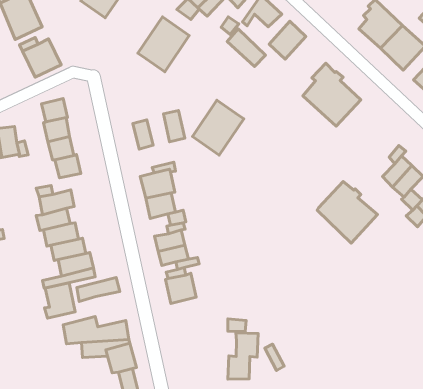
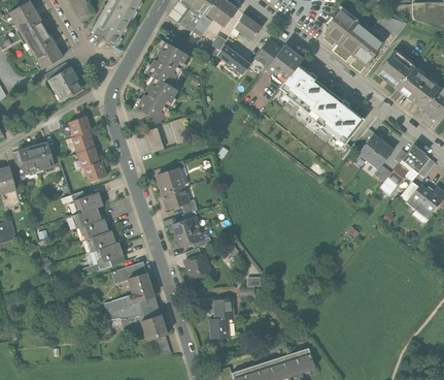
building: none -> [268,41,305,80]
building: [192,100,244,155] -> [135,76,176,122]
building: [317,182,378,243] -> [314,94,365,145]
building: [45,283,75,318] -> [129,272,156,303]
building: [228,333,258,379] -> [210,297,234,338]

